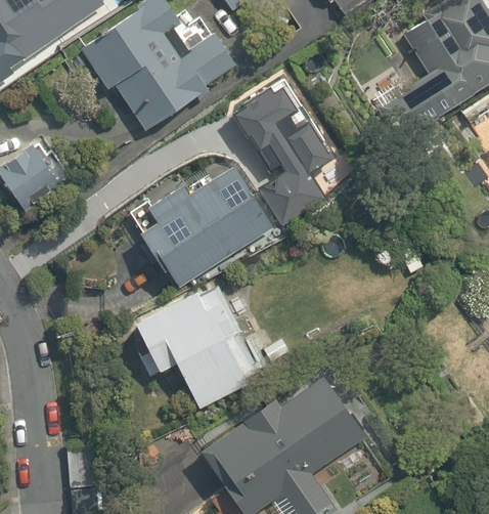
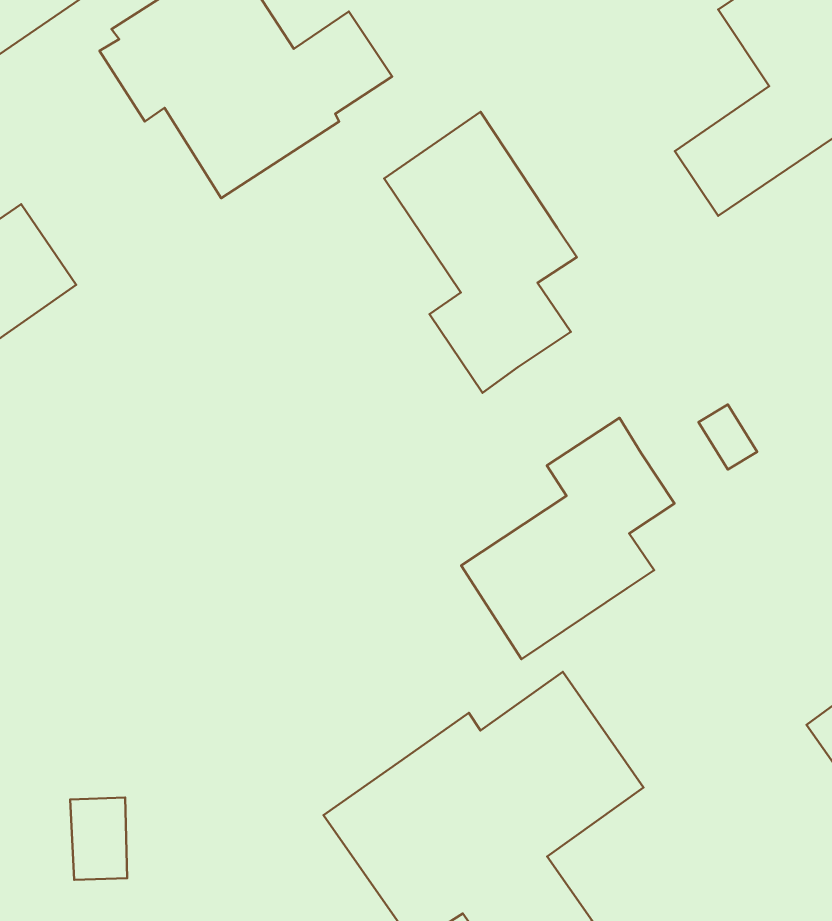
building: [133,165,273,293] -> none
building: none -> [461,418,675,659]
building: [131,276,249,411] -> none

